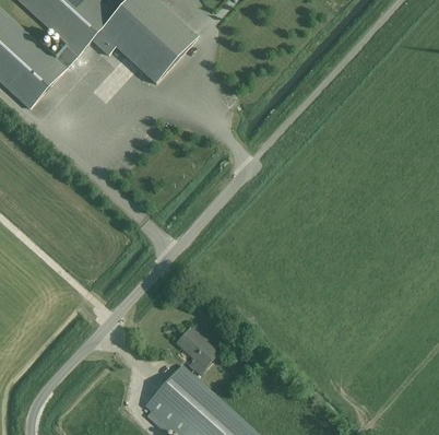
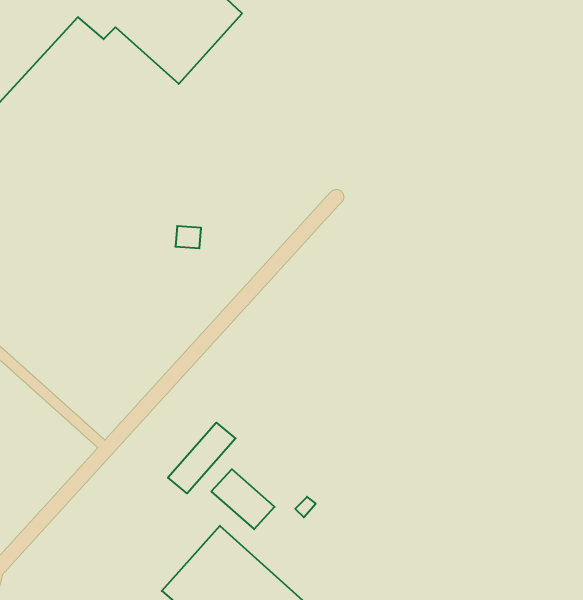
building: none -> [168,423,236,493]

